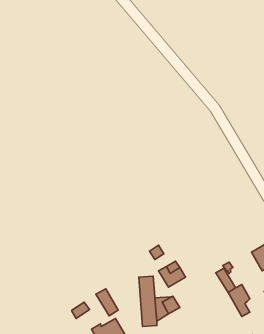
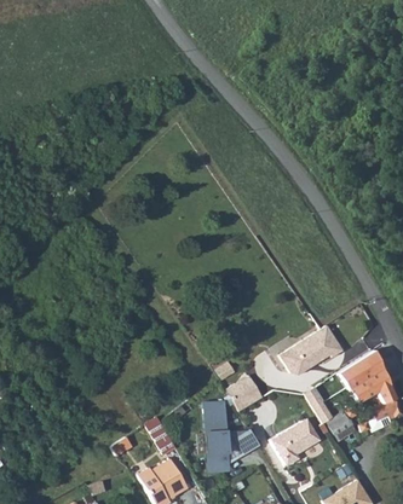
building: none -> [284,324,346,375]
building: none -> [269,419,317,465]

